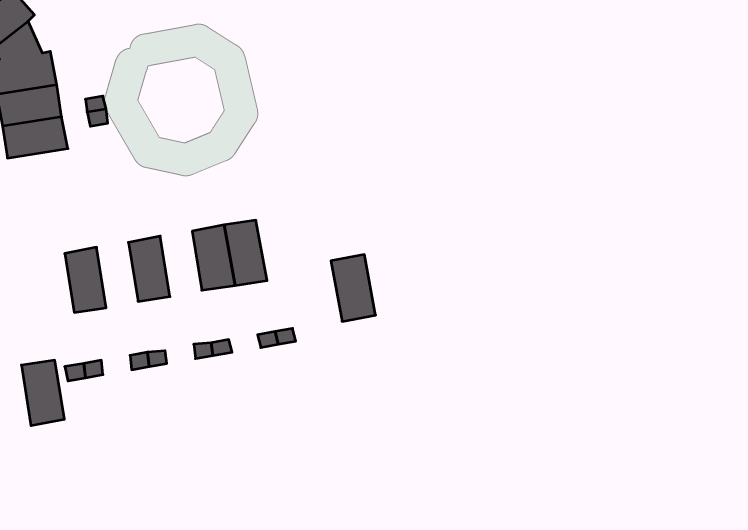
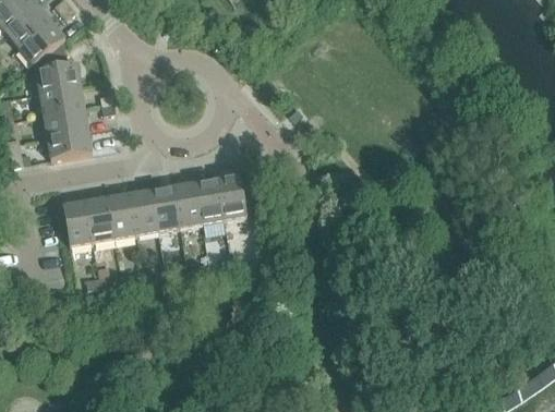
building: none -> [47,129,93,158]
building: none -> [152,185,180,230]
building: none -> [108,193,136,238]
building: [331,255,376,321] -> [217,173,248,219]
building: [21,360,64,426] -> [63,201,93,245]

